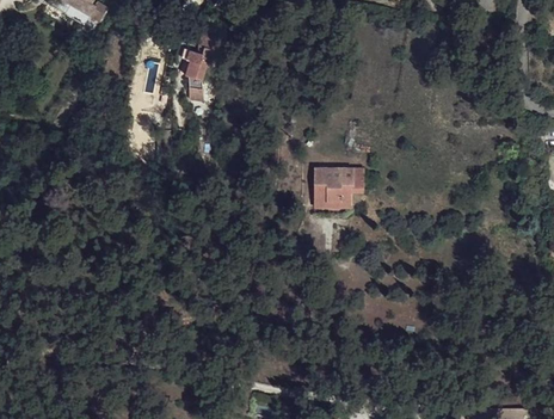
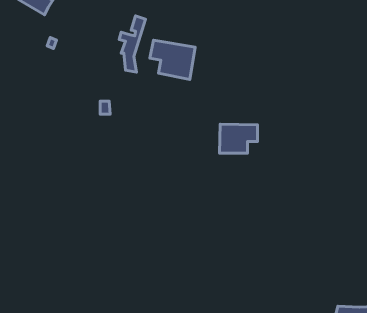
building: none -> [150,40,195,80]

